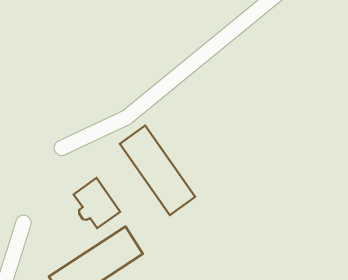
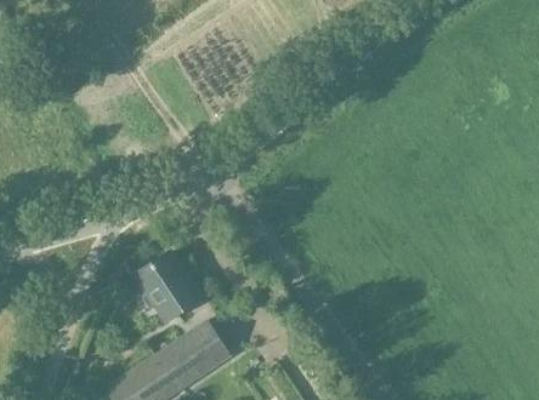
building: [120,125,195,215] -> none

